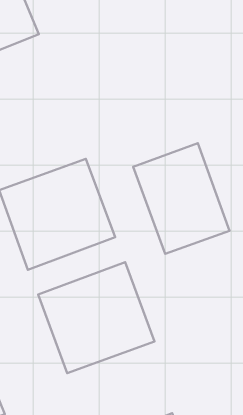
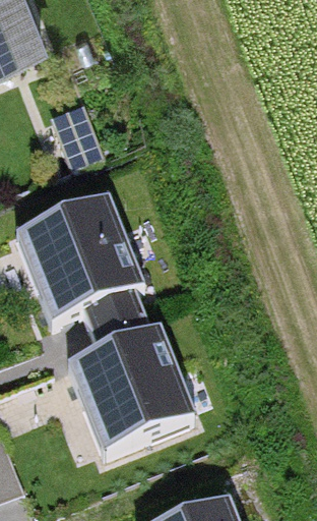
building: [133,143,229,254] -> none

